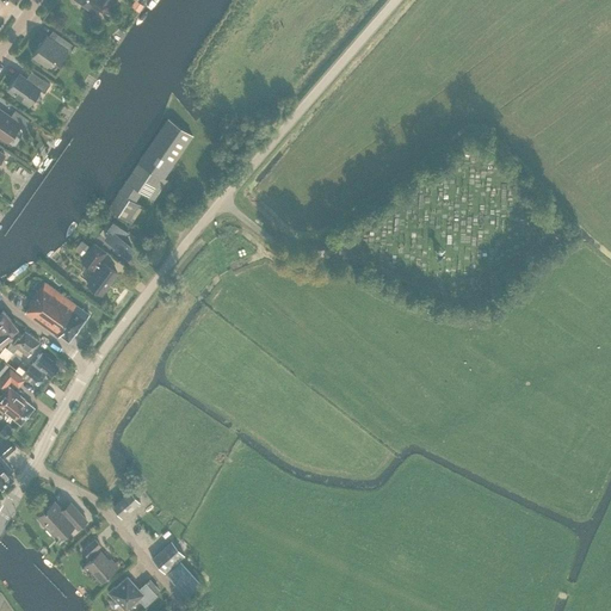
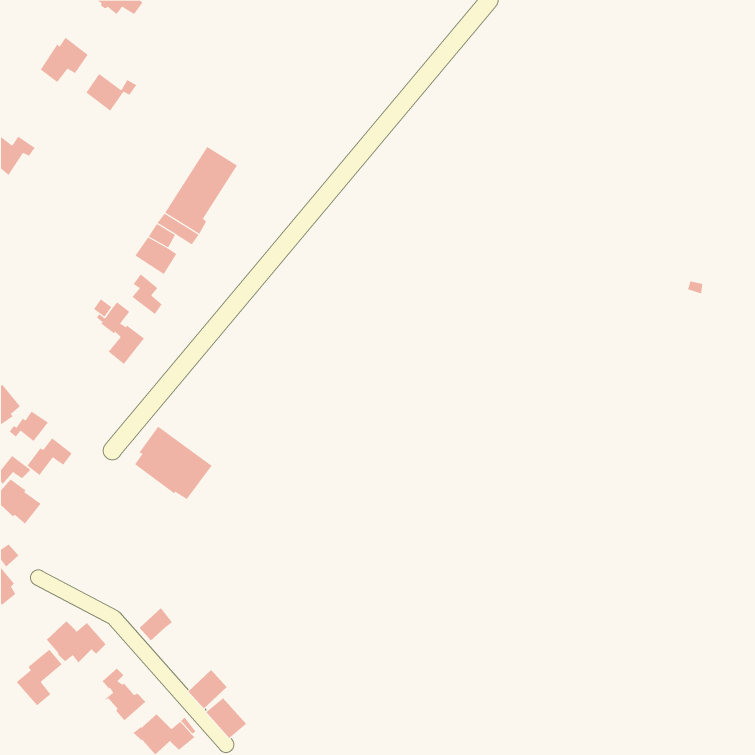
building: [8,74,50,105] -> [85,73,137,112]
building: [25,282,88,341] -> [134,426,212,500]
building: none -> [16,649,63,706]

